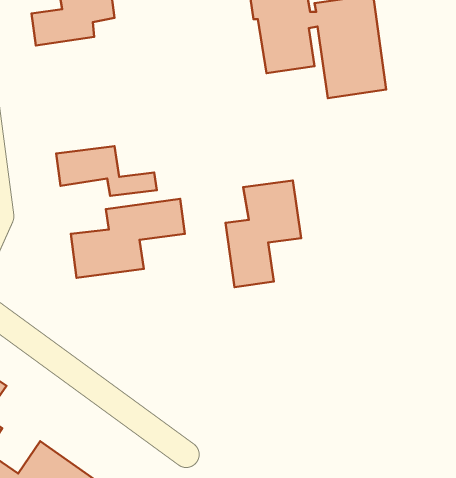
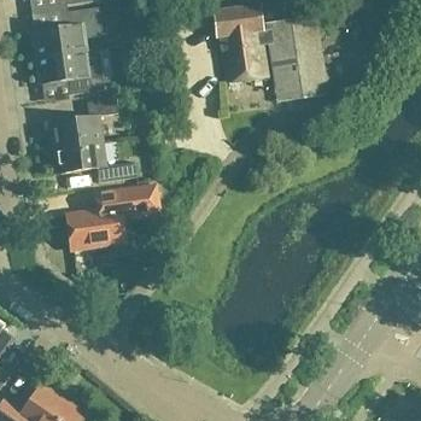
building: none -> [36,48,104,95]
building: none -> [51,98,117,147]
building: [226,180,301,287] -> none

